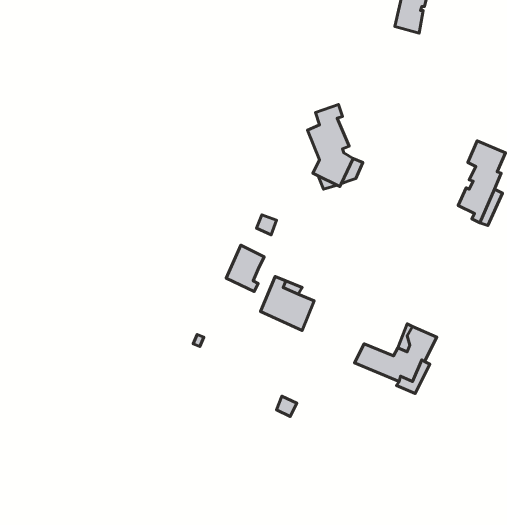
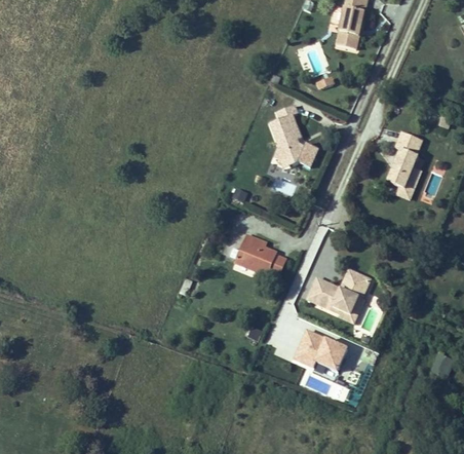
building: [226,245,264,291] -> none
building: none -> [292,328,348,377]

